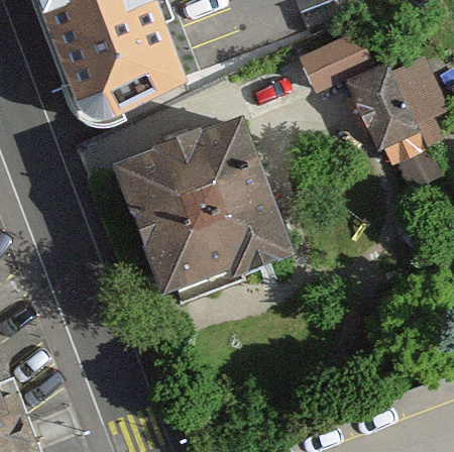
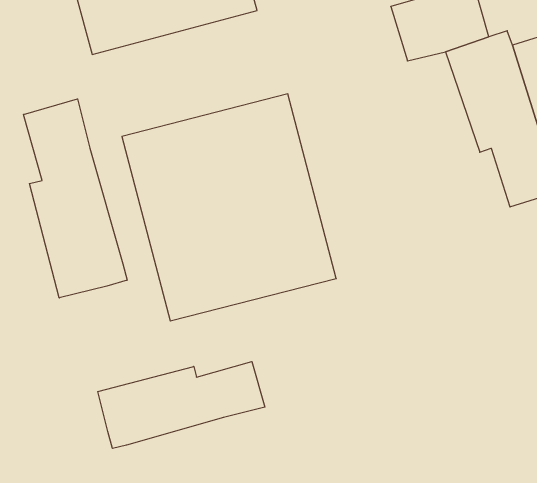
building: none -> [24,99,127,298]
building: none -> [98,362,265,448]

